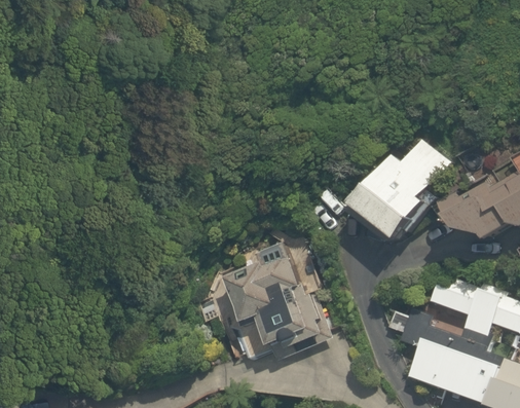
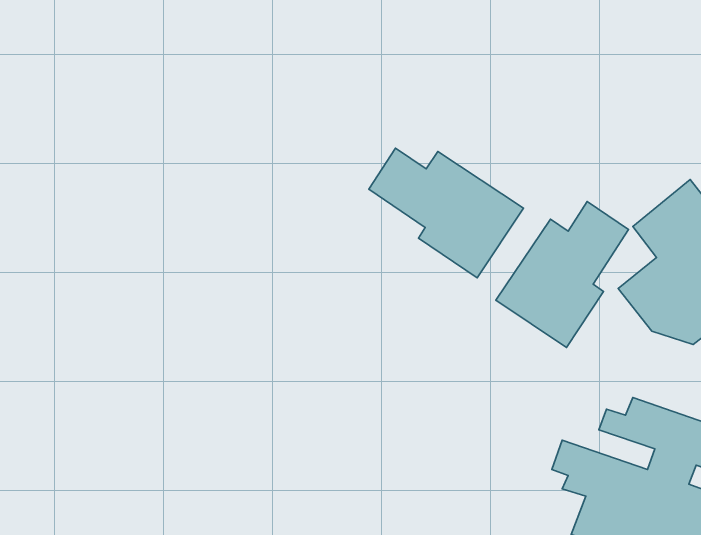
building: none -> [369,148,523,278]
building: [225,255,328,355] -> none

